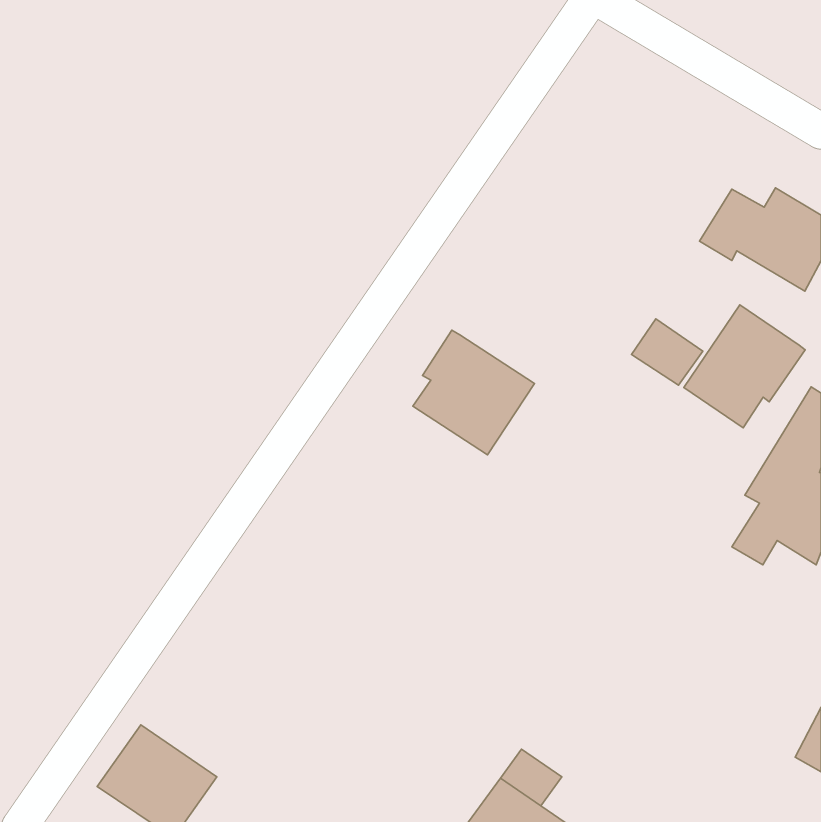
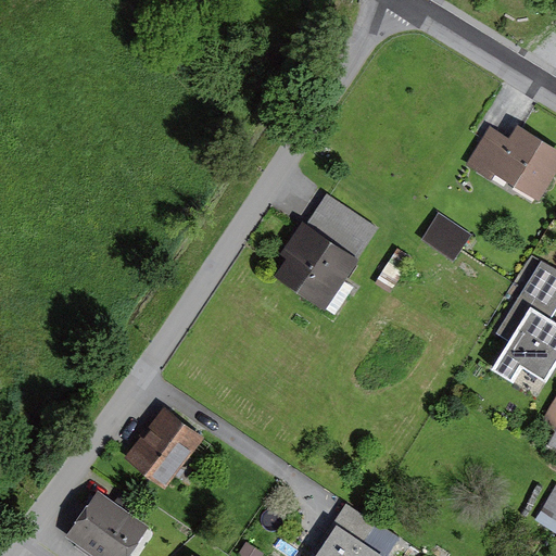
building: none -> [308,197,378,261]
building: [684,305,805,428] -> none
building: none -> [129,409,201,484]

